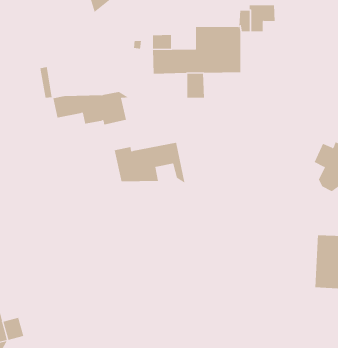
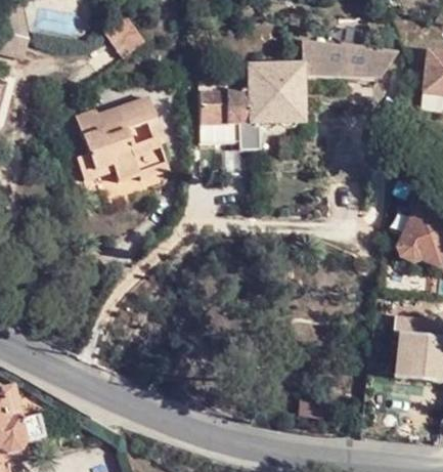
building: none -> [329,41,394,74]
building: none -> [197,123,238,144]
building: [114,142,186,184] -> [85,102,170,152]

